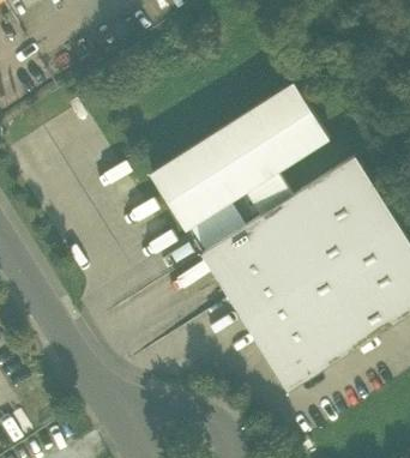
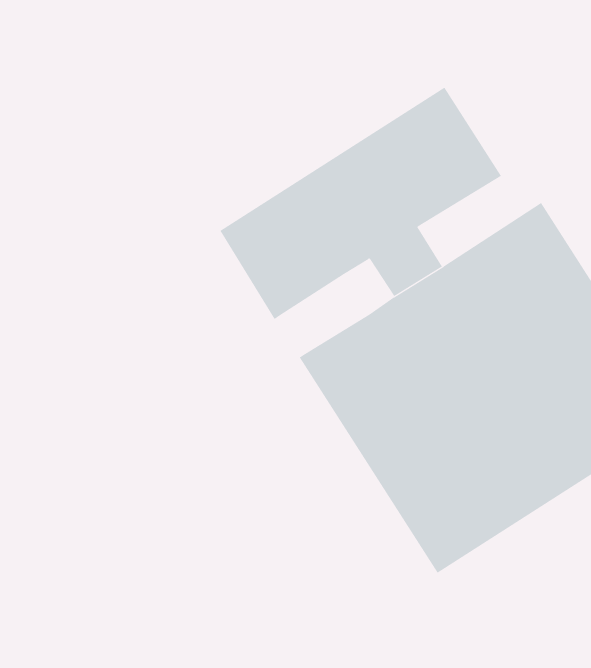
building: [189,200,246,251] -> none

